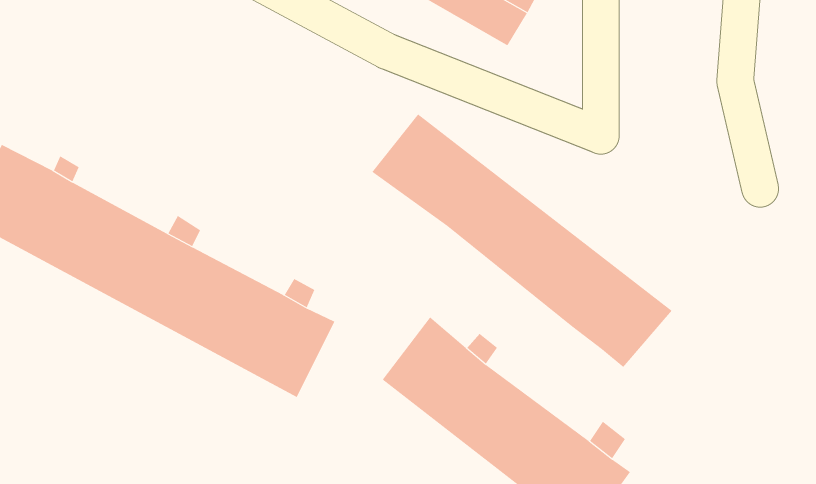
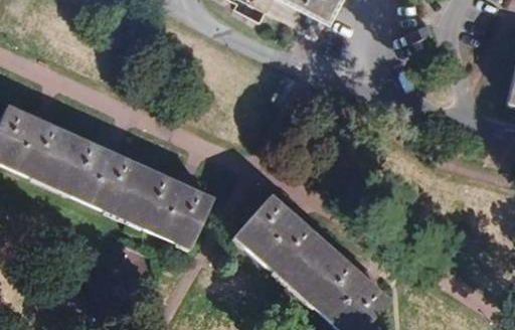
building: [371,113,673,368] -> none

